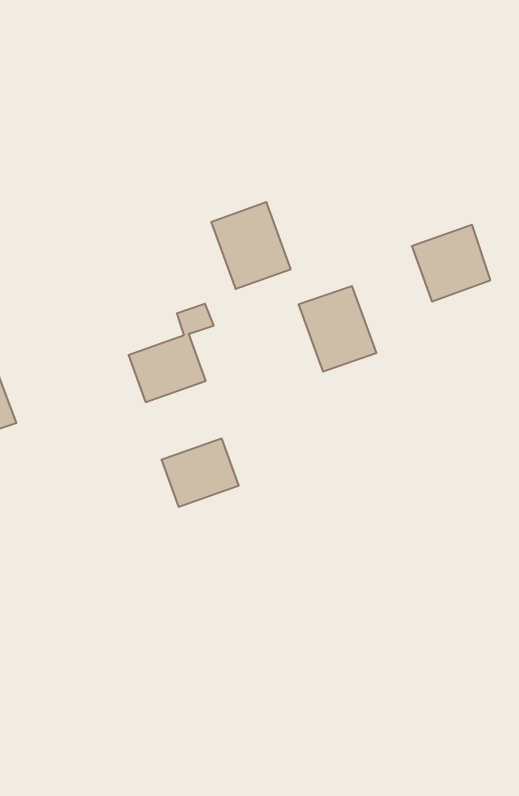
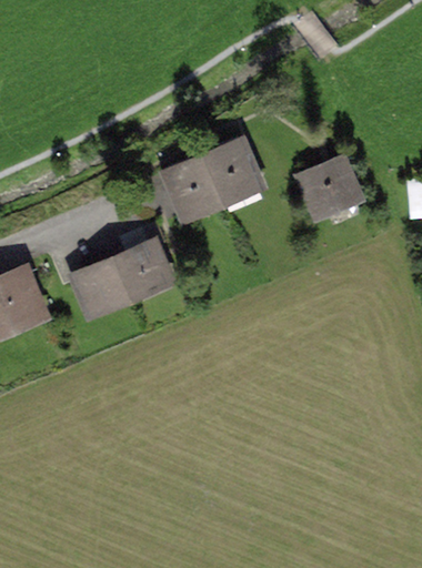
building: [299,286,376,371] -> [203,141,258,200]
building: [161,439,239,507] -> [76,264,129,312]

